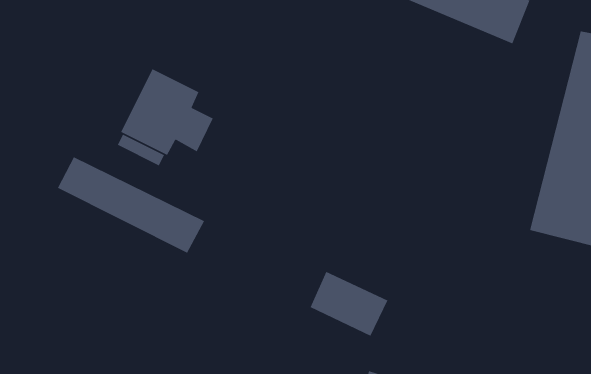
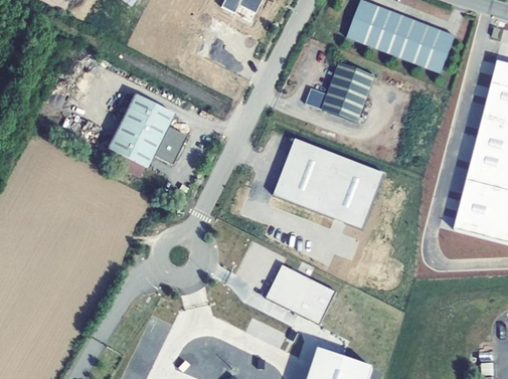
building: none -> [305,61,374,122]
building: none -> [269,137,379,227]
building: [57,156,205,254] -> none

